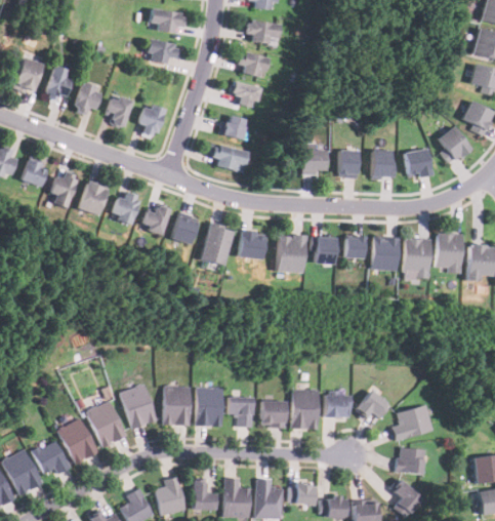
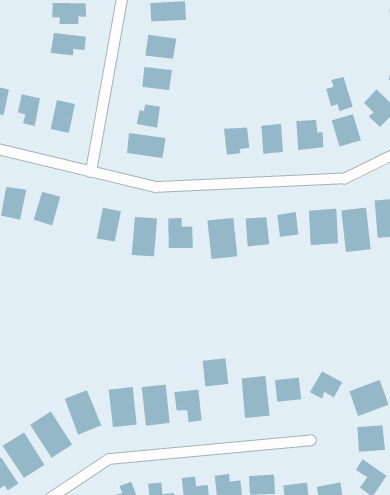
building: none -> [326,76,354,112]
building: [143,203,170,235] -> none
building: [261,401,285,427] -> [202,358,229,387]

